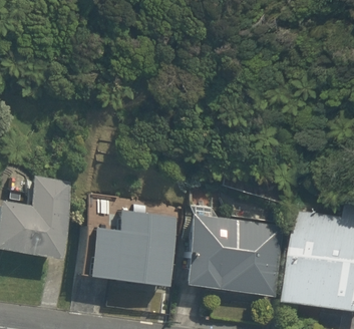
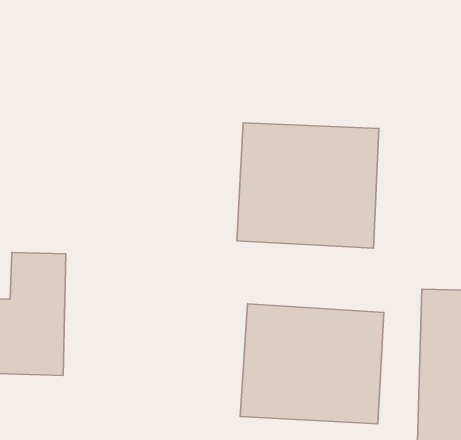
building: none -> [237,123,379,248]
building: [84,209,176,289] -> none

